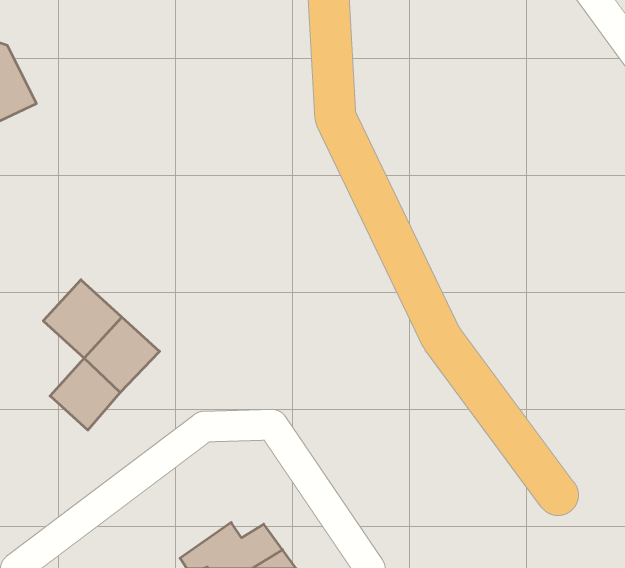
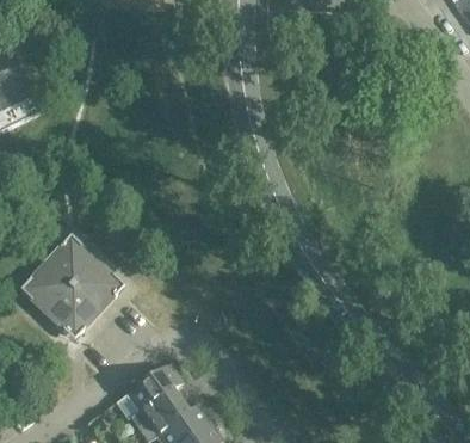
building: none -> [19,263,72,315]
building: none -> [123,364,181,429]

